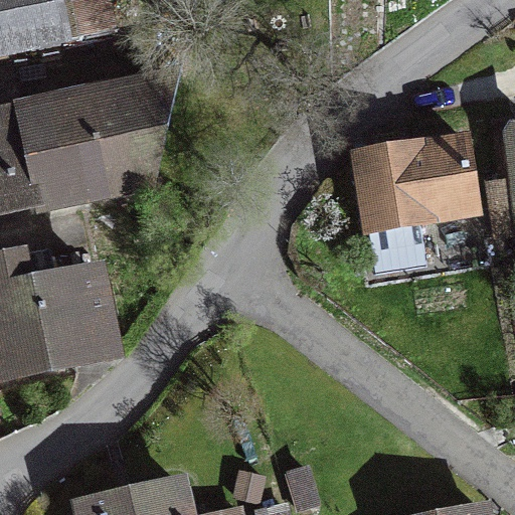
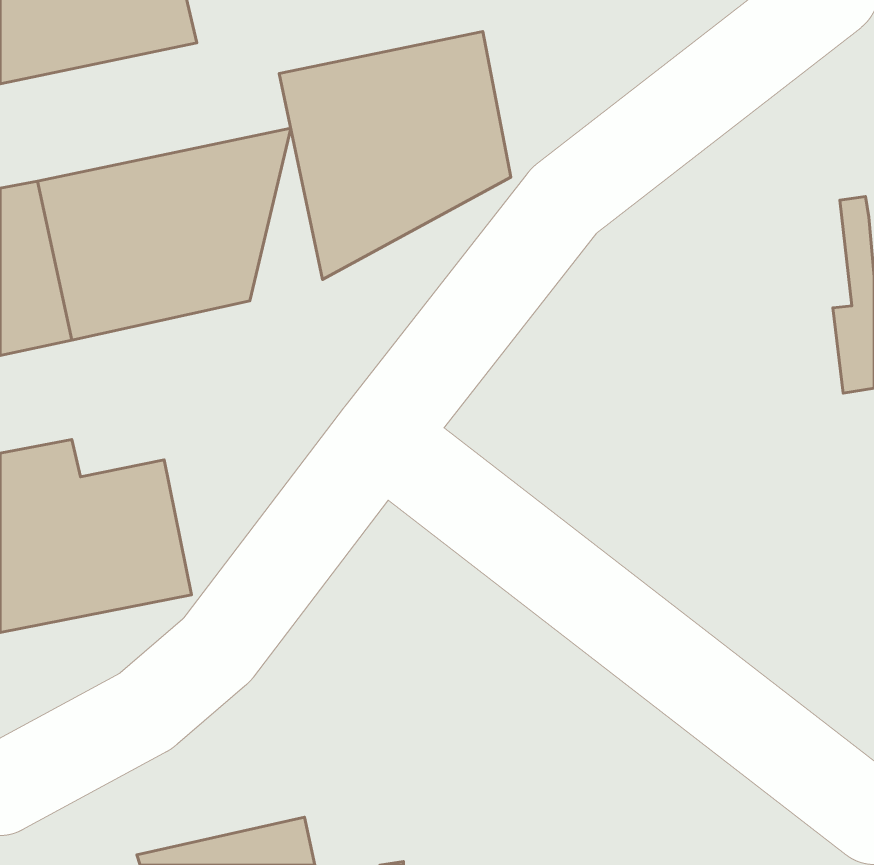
building: none -> [279,32,511,279]
building: [354,135,476,271] -> none

